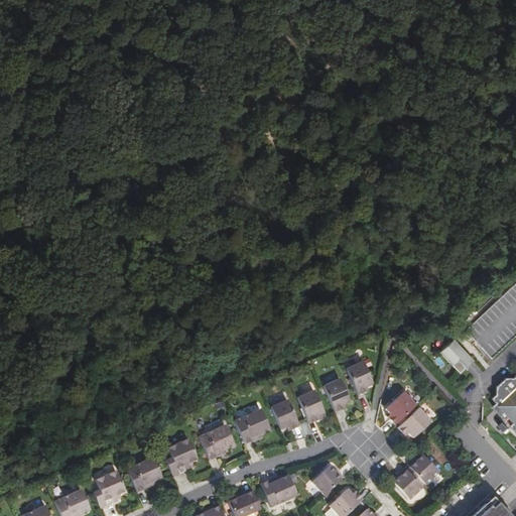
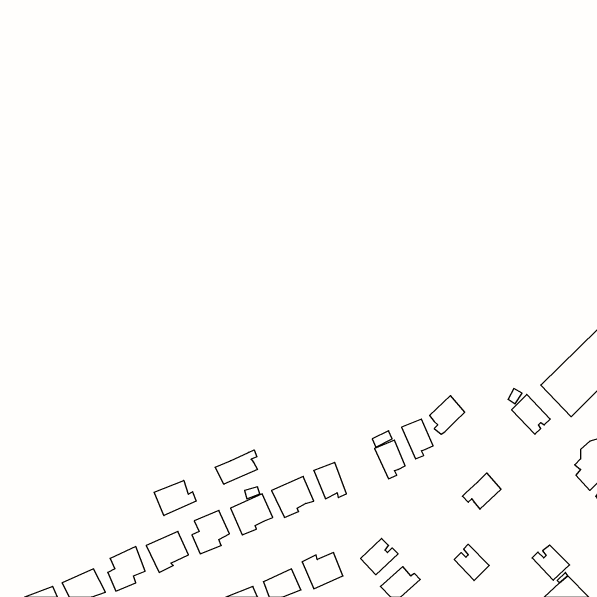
building: none -> [215,450,257,484]
building: [297,389,325,423] -> none
building: [387,391,417,424] -> [430,396,465,434]
building: none -> [154,480,196,516]
building: [407,455,439,485] -> [532,545,570,580]

